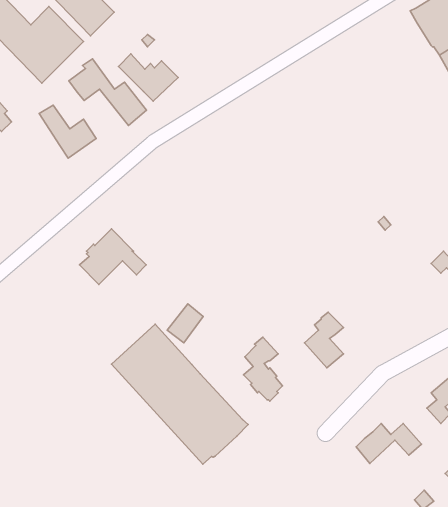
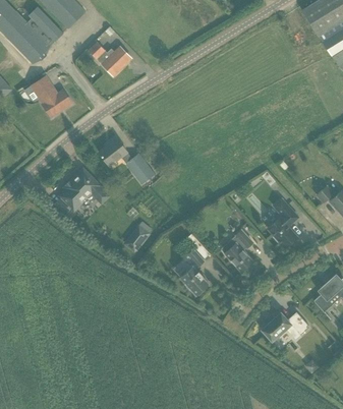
building: [69,59,147,125] -> [98,135,155,184]
building: none -> [268,198,297,247]
building: [111,324,248,464] -> none

